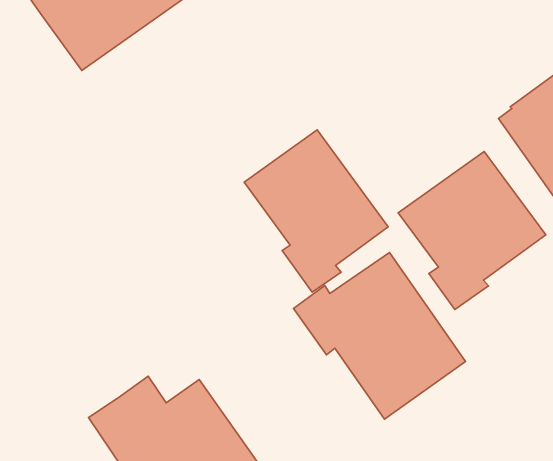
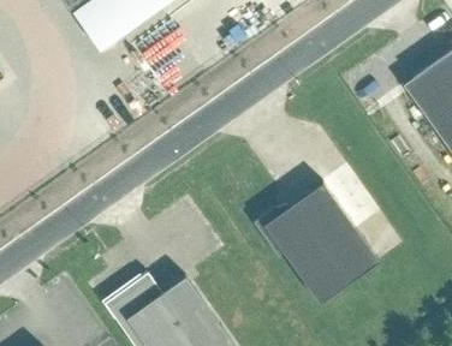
building: [244,130,388,292] -> none
building: [398,152,546,309] -> none

